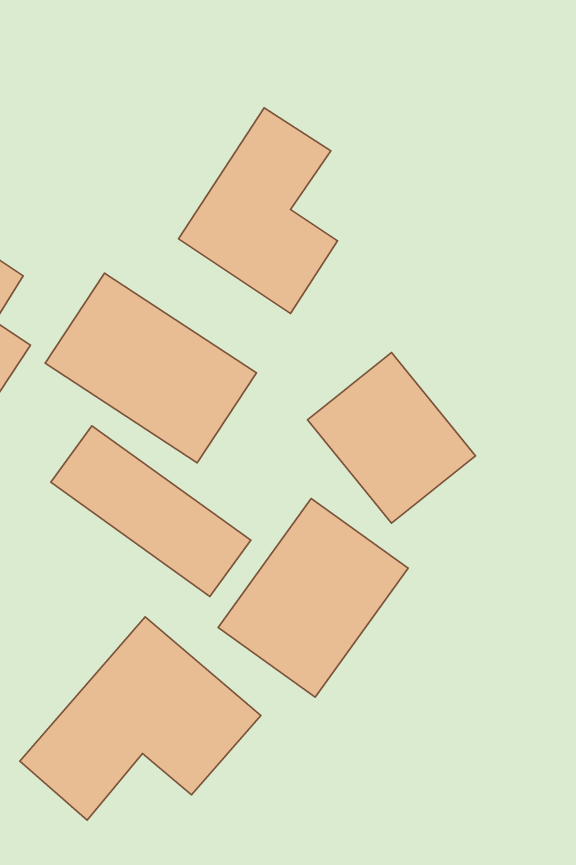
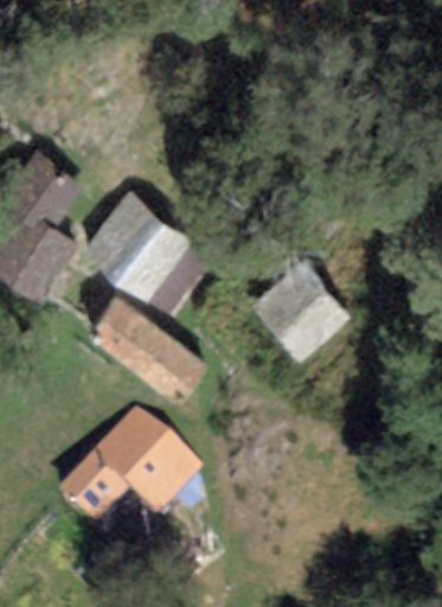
building: [178,108,338,313] -> none
building: [218,498,408,697] -> none

